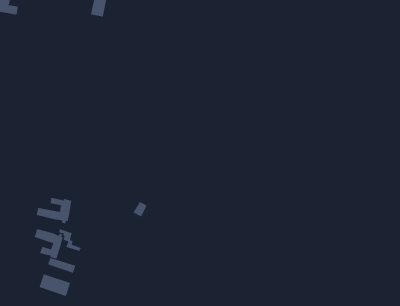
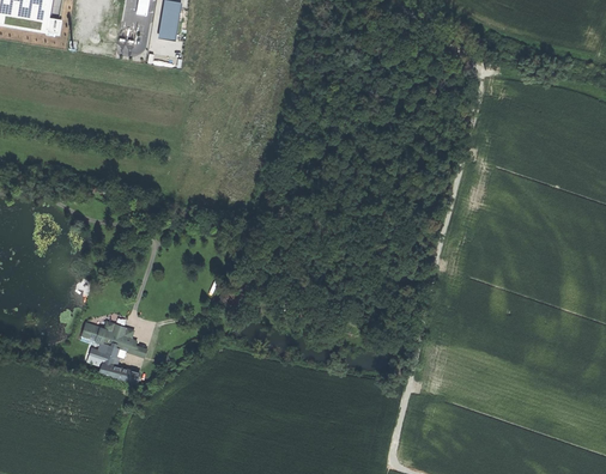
building: [36,197,72,224] -> none
building: [39,274,71,297] -> none

